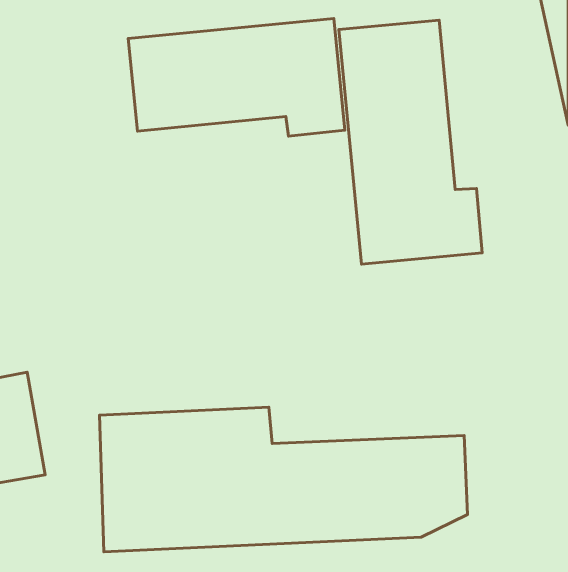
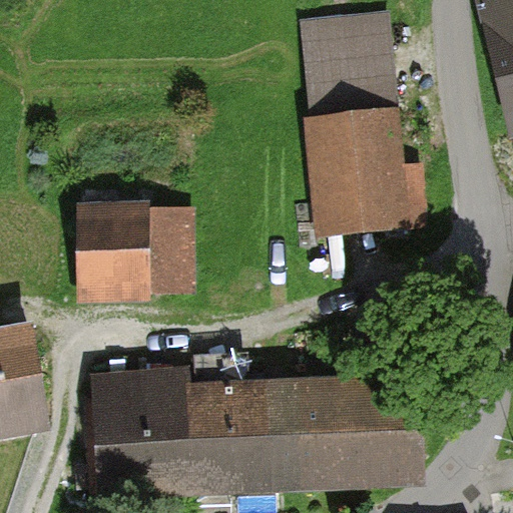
building: [128,19,345,136] -> none
building: none -> [77,198,194,309]

